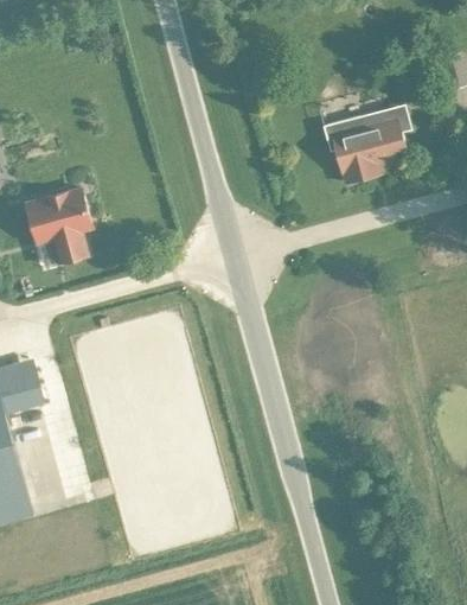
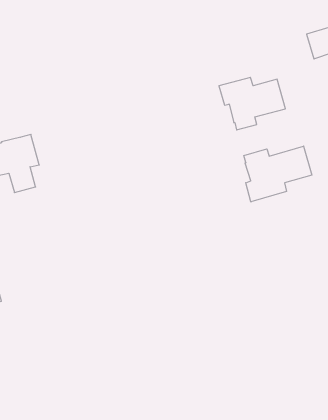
building: none -> [244,146,312,202]

